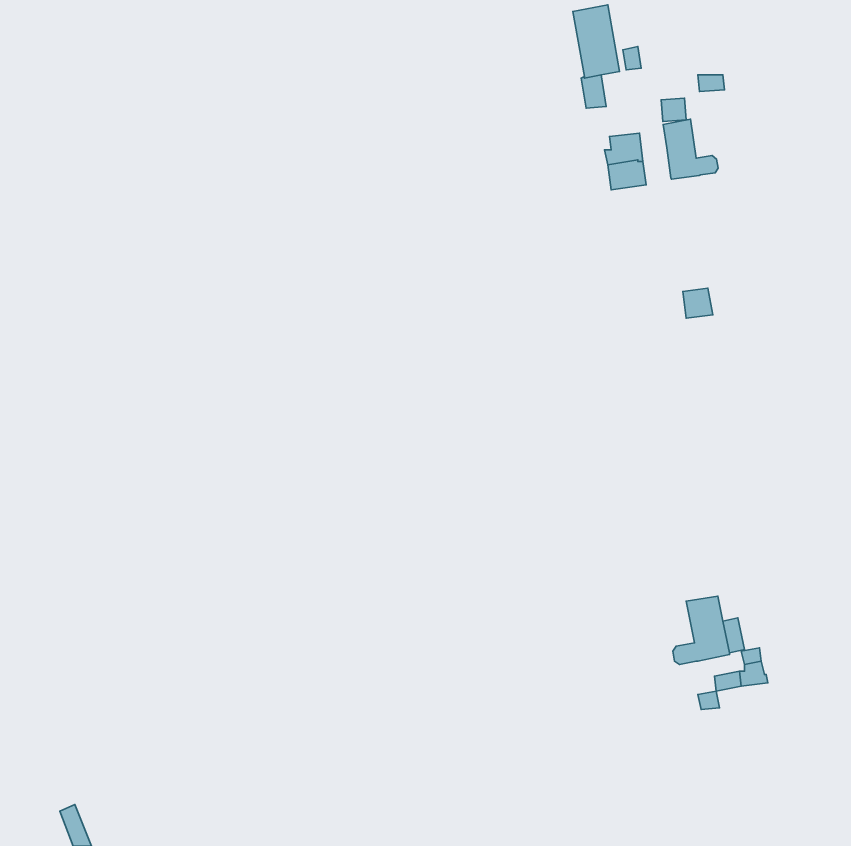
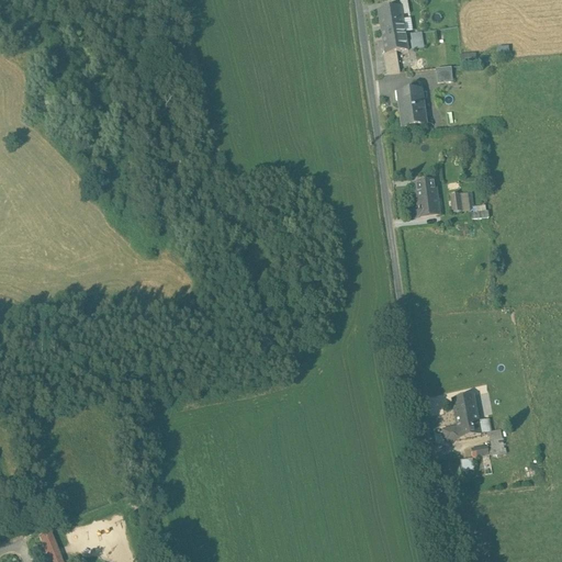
building: [663,119,718,179] -> none
building: none -> [414,178,440,215]

